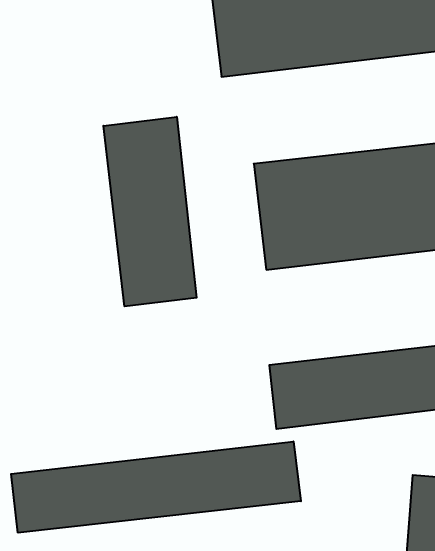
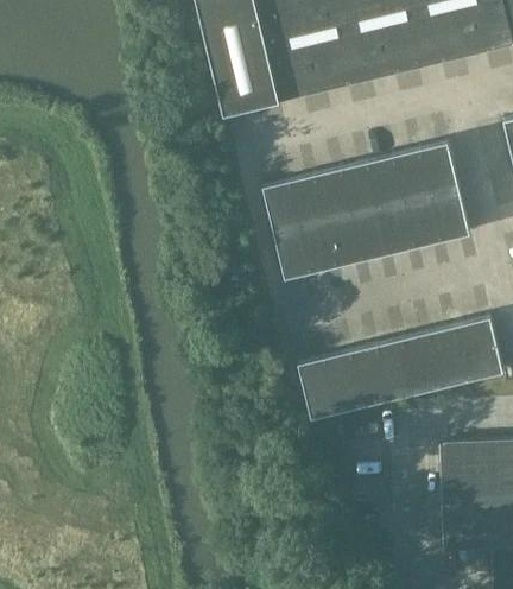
building: [103,117,197,306] -> none
building: [11,441,301,533] -> none

